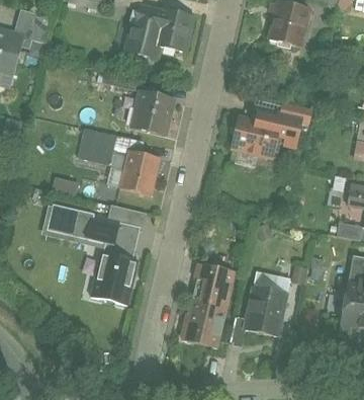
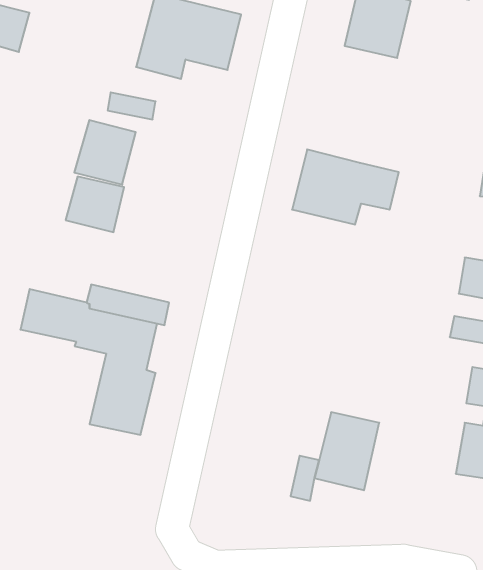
building: [130,91,172,135] -> [74,120,136,185]
building: [275,99,313,125] -> none
building: [121,151,159,192] -> none
building: [179,262,235,348] -> none

